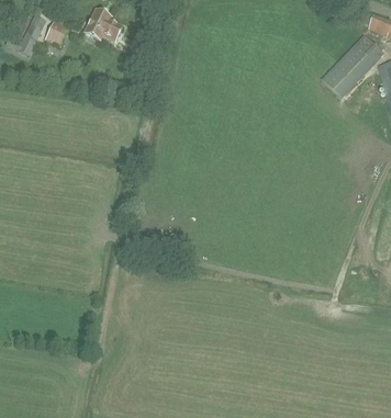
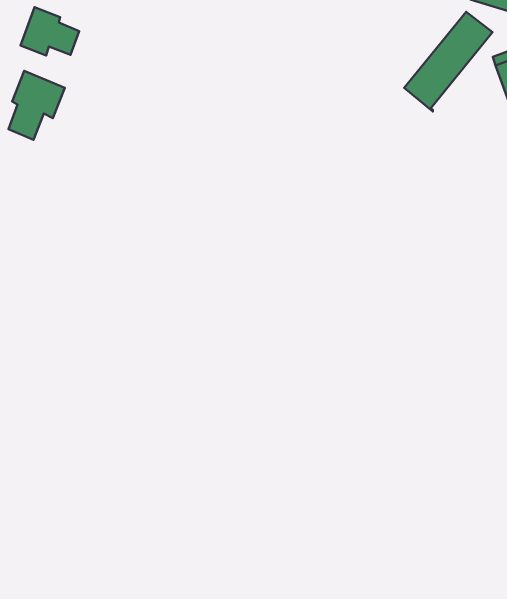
building: none -> [9,71,65,140]

